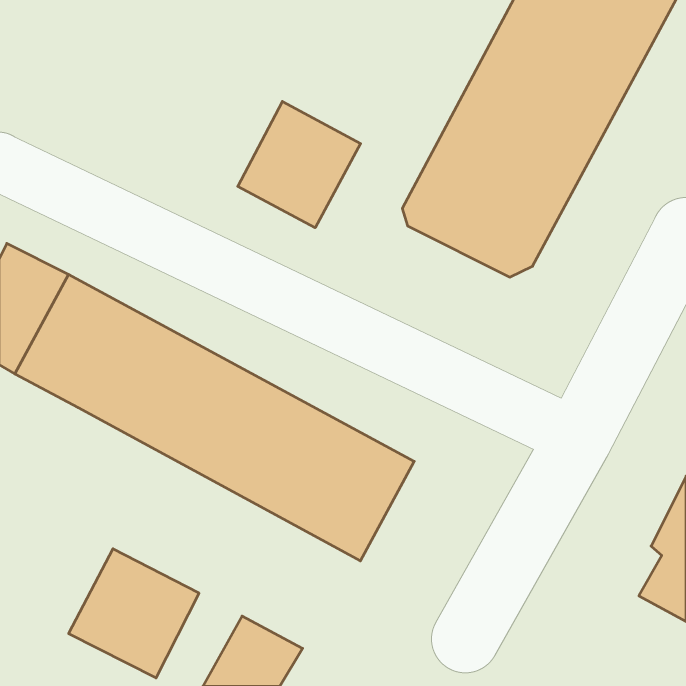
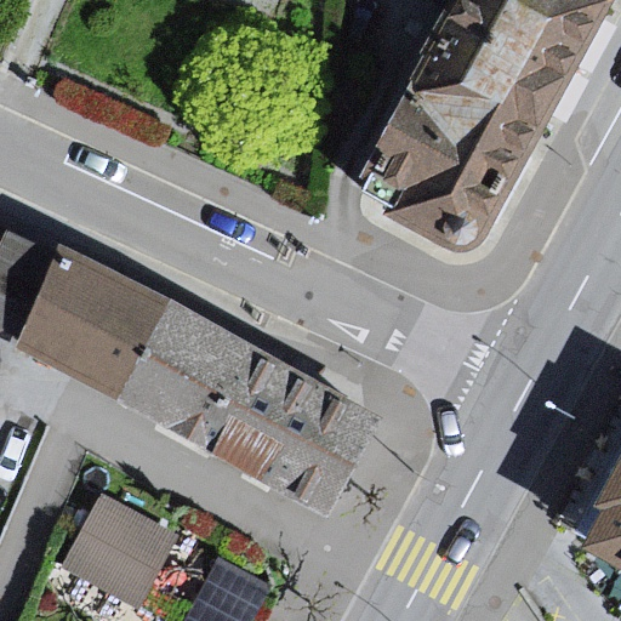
building: [238,101,361,228] -> none

